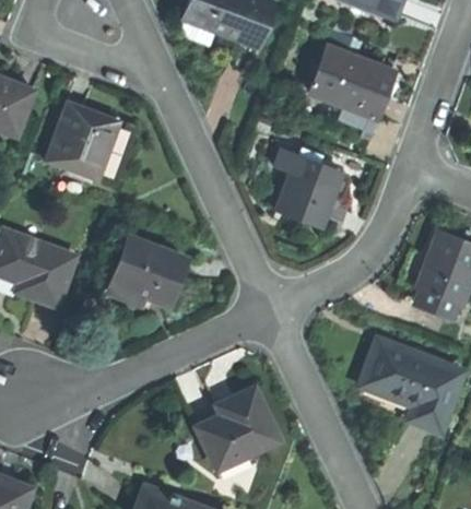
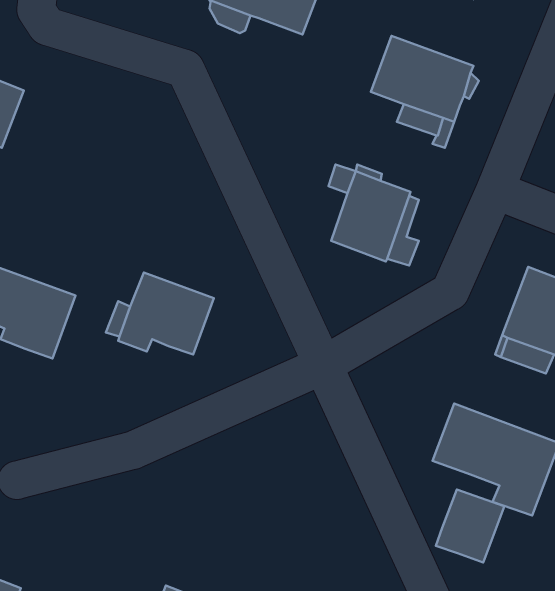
building: [44,103,117,180] -> none
building: [199,387,280,477] -> none
building: none -> [436,489,504,563]

